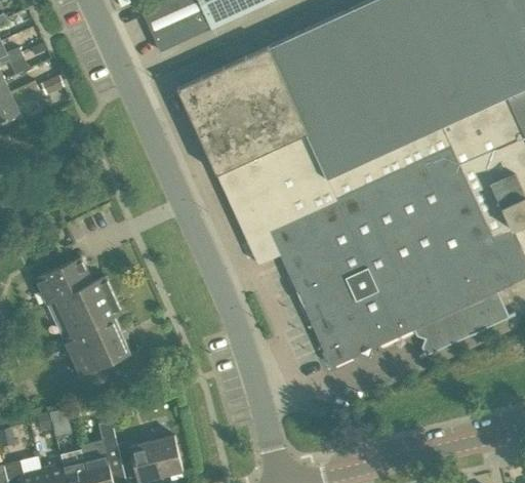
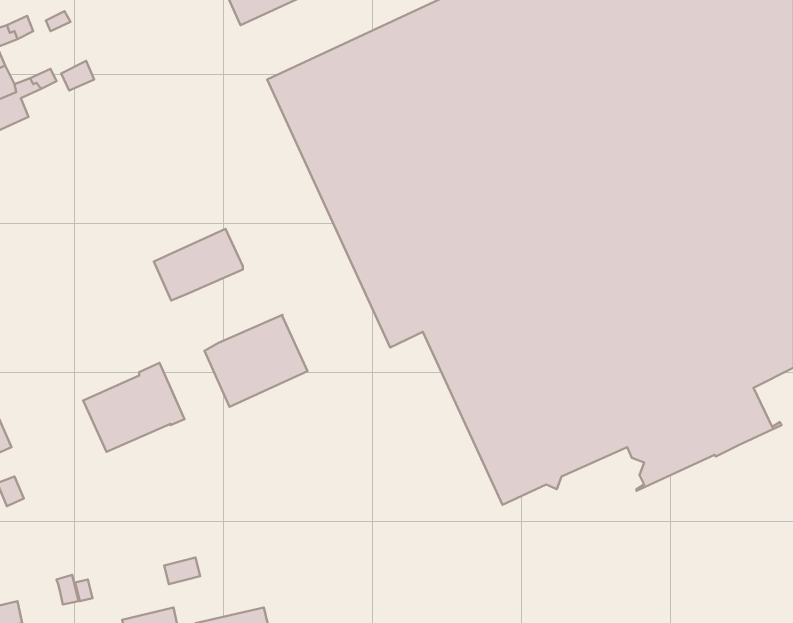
building: [34,256,92,304] -> [154,229,243,301]
building: [62,315,129,375] -> [205,315,308,407]

